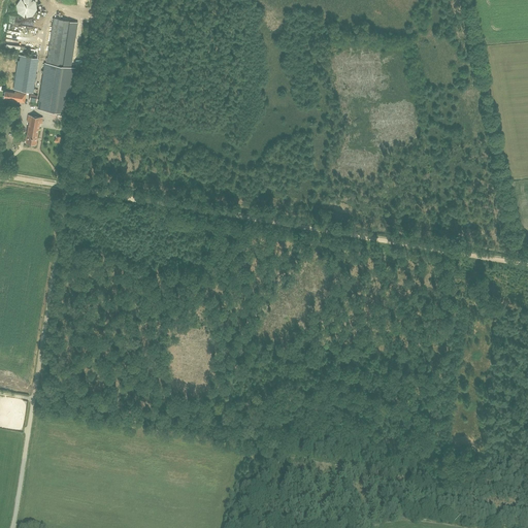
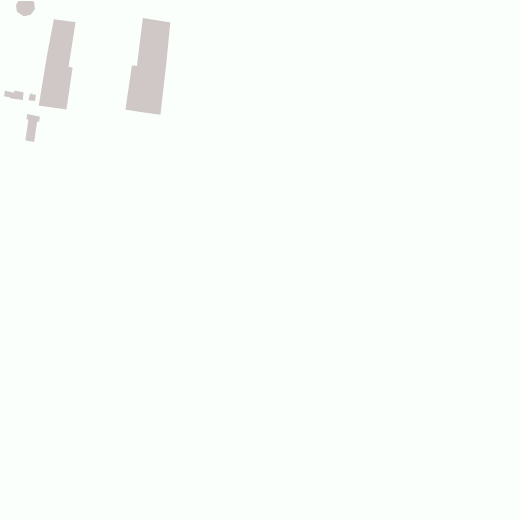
building: none -> [125,17,171,116]
building: [14,56,35,92] -> none

